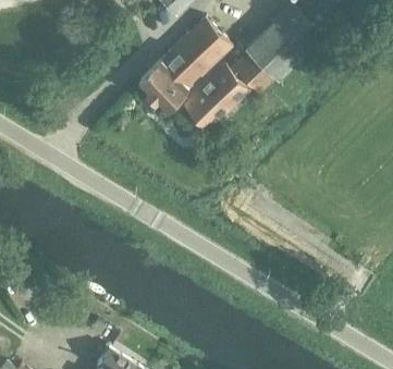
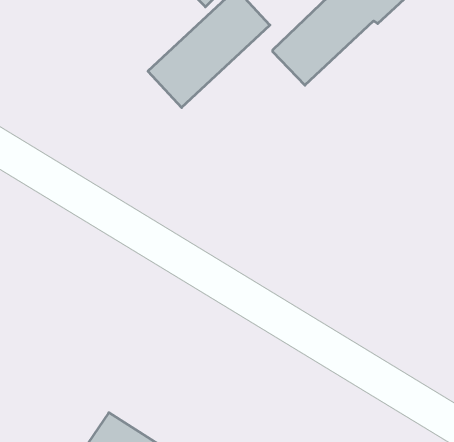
building: [175,60,242,124] -> none

